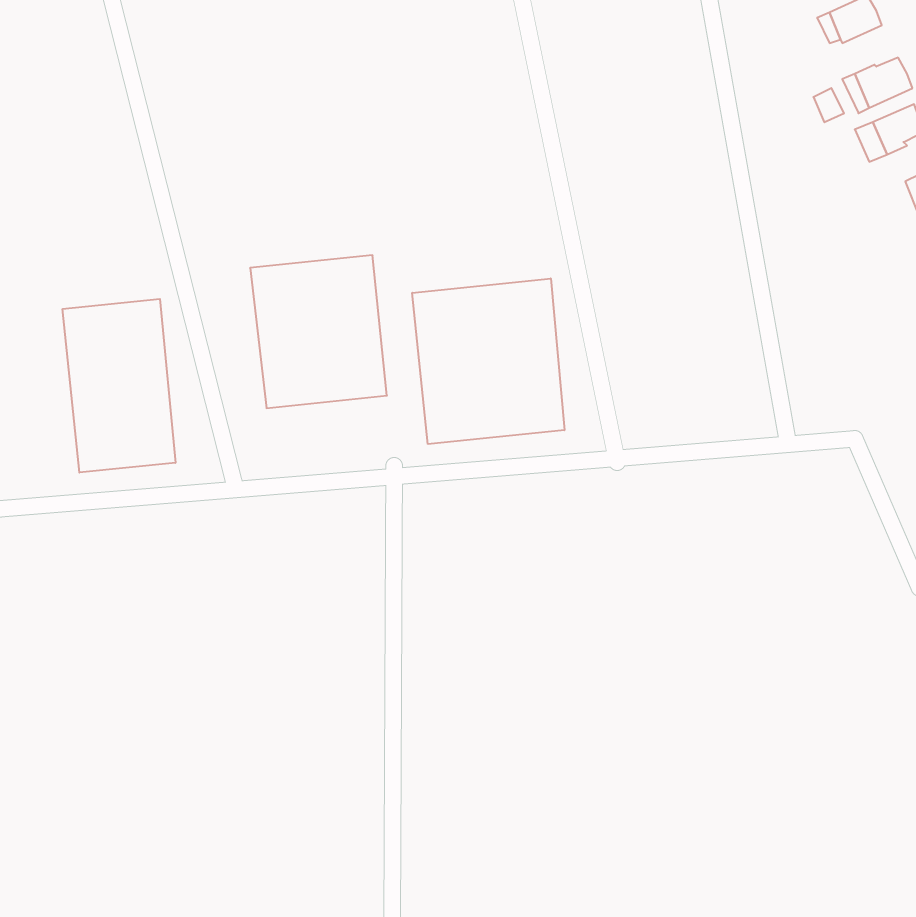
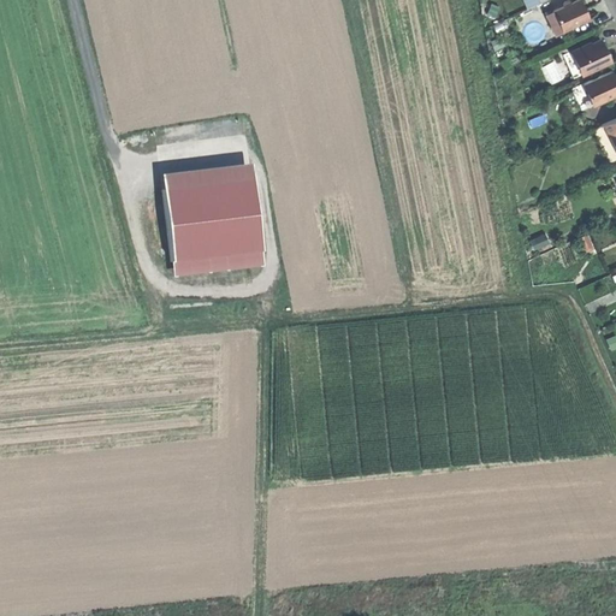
building: [412,278,564,444] -> none
building: [63,299,175,473] -> none

